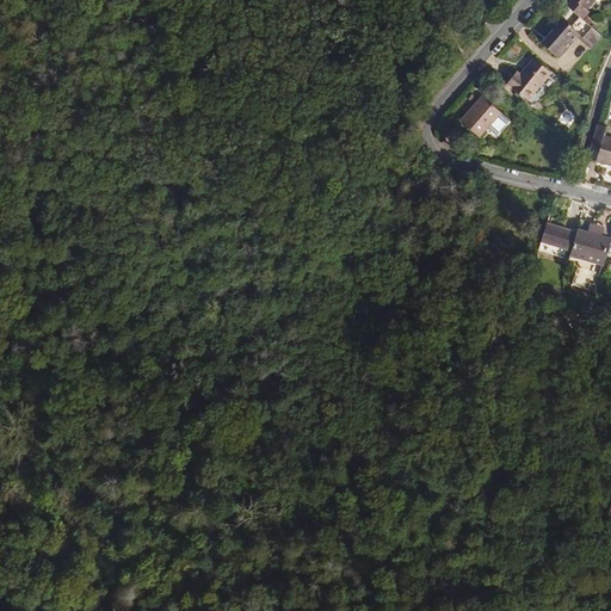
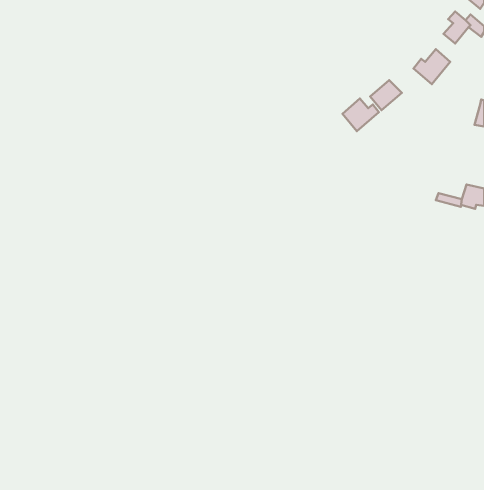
building: none -> [342,99,379,131]
building: [542,221,576,246] -> none

